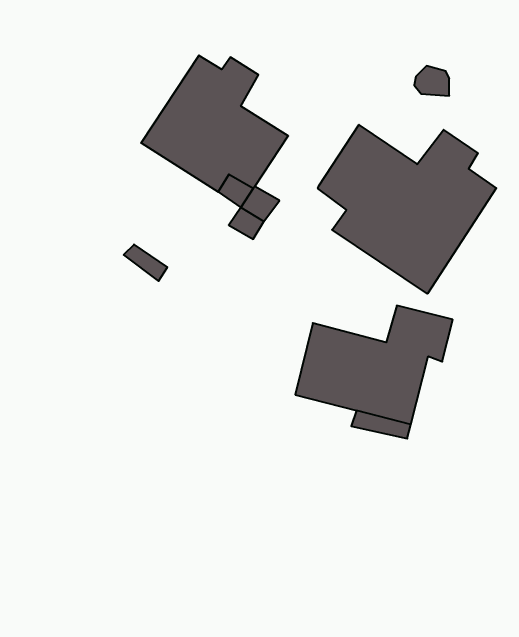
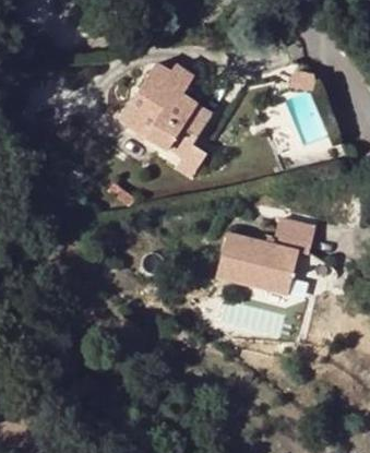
building: [318,125,496,294] -> none

